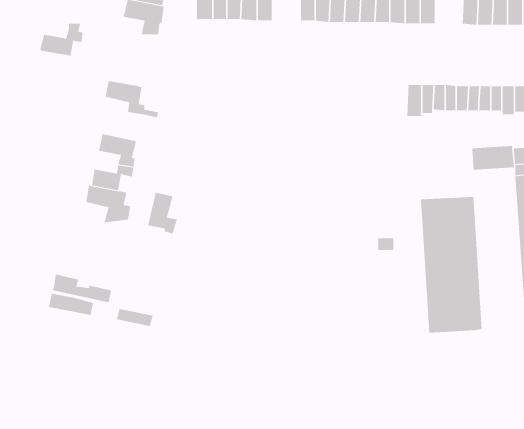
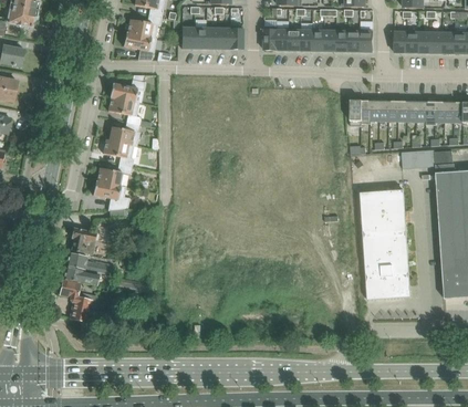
building: [39,23,83,56] -> [110,75,145,102]
building: none -> [108,123,139,147]
building: [147,192,177,235] -> none
building: none -> [71,228,96,254]
building: none -> [60,281,96,322]

